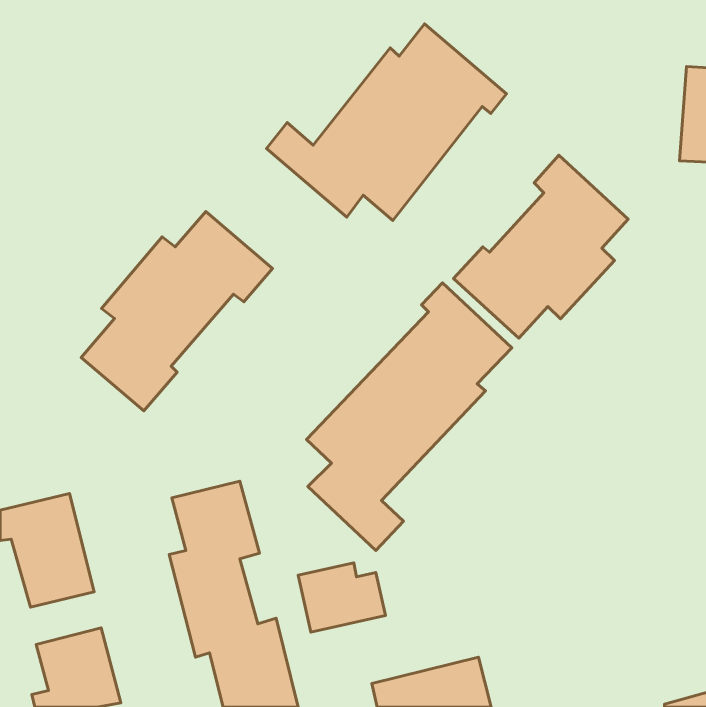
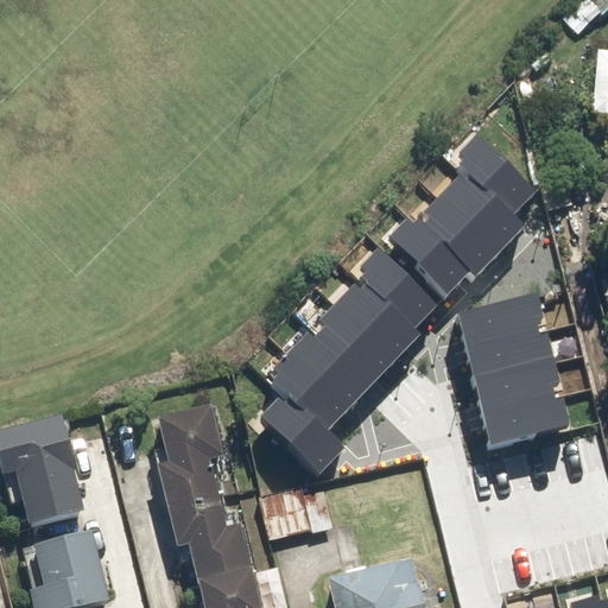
building: [267,24,506,220] -> none
building: [81,212,273,411] -> none
building: none -> [463,297,569,439]

